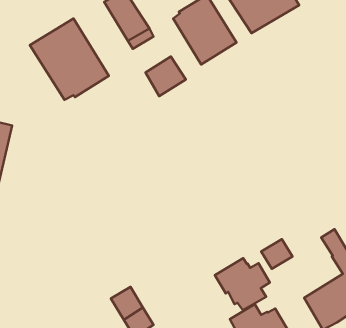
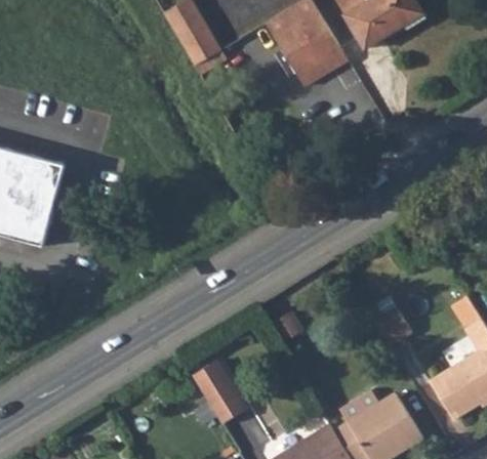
building: [30,18,109,100] -> none
building: [146,57,186,96] -> none
building: [215,258,270,310] -> none

